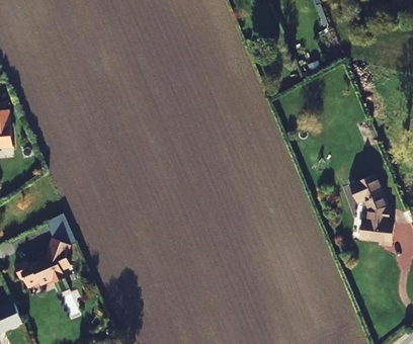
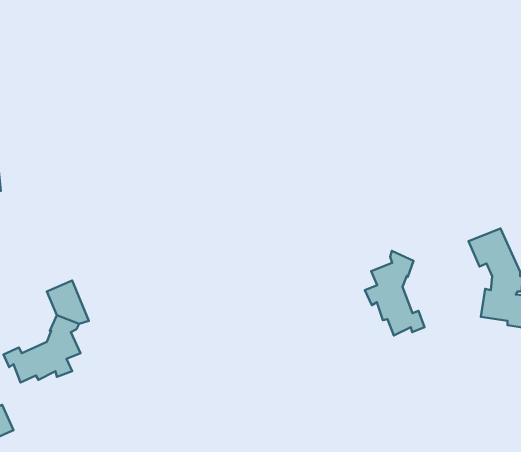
building: none -> [365,251,424,335]

